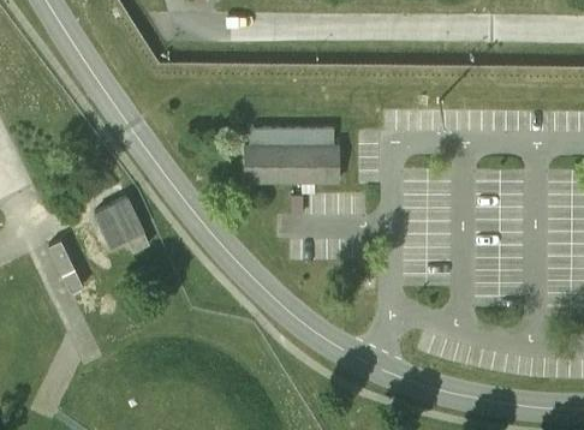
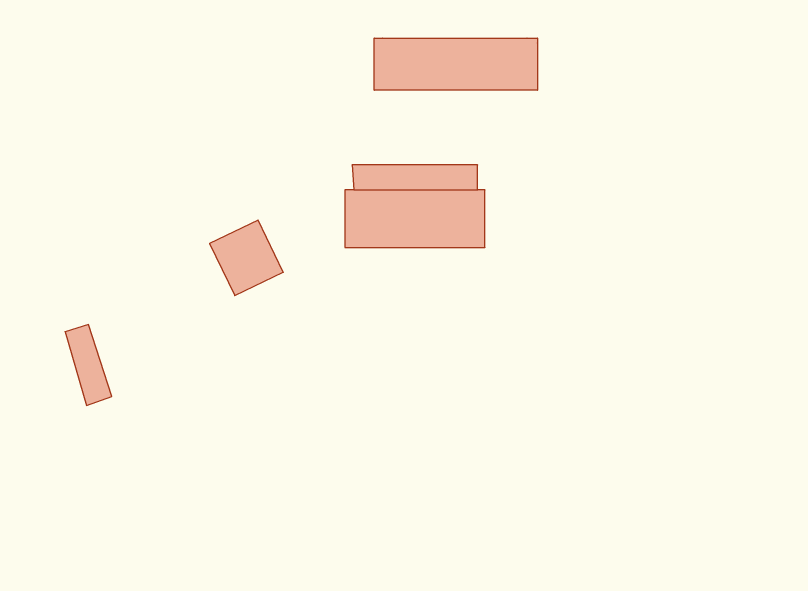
building: none -> [374,38,537,90]
building: [88,201,137,251] -> [210,220,283,296]

